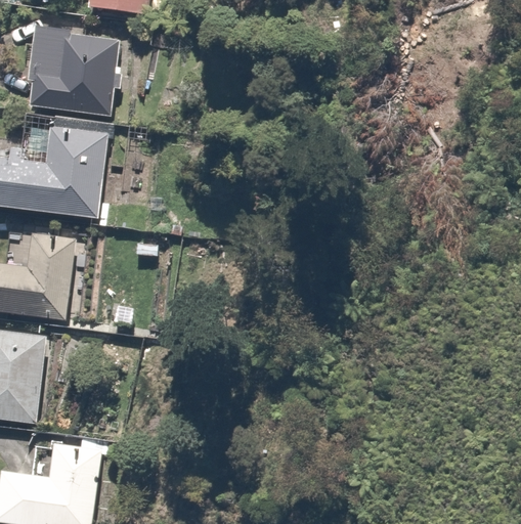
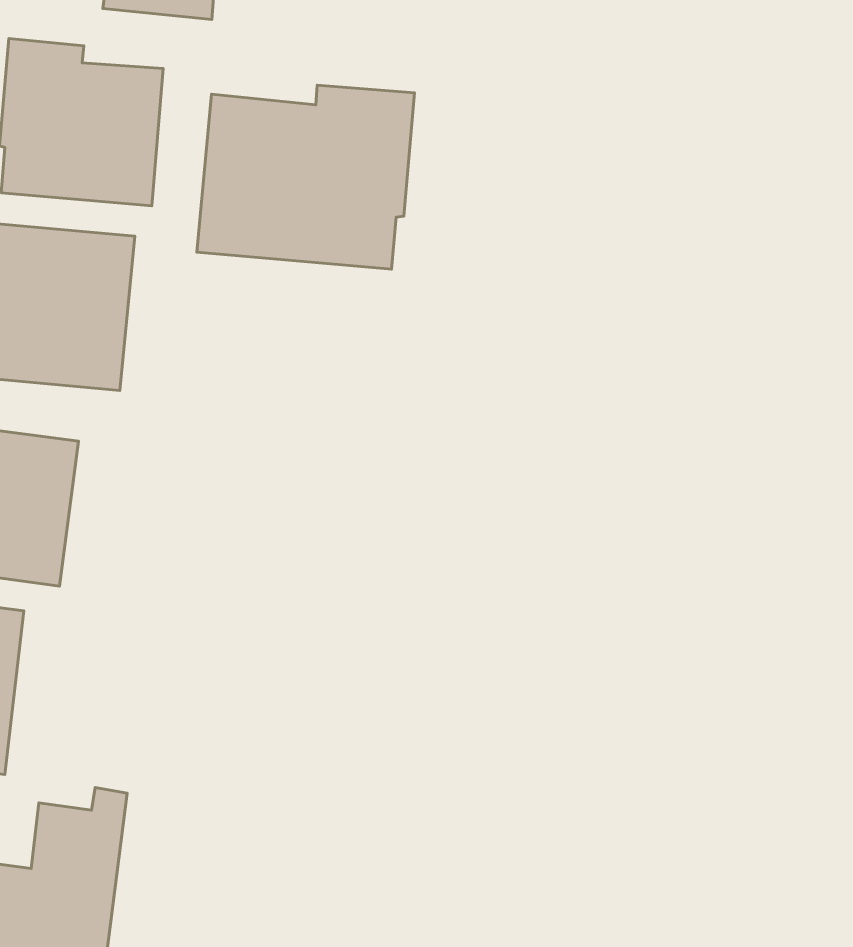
building: none -> [197,85,415,269]

